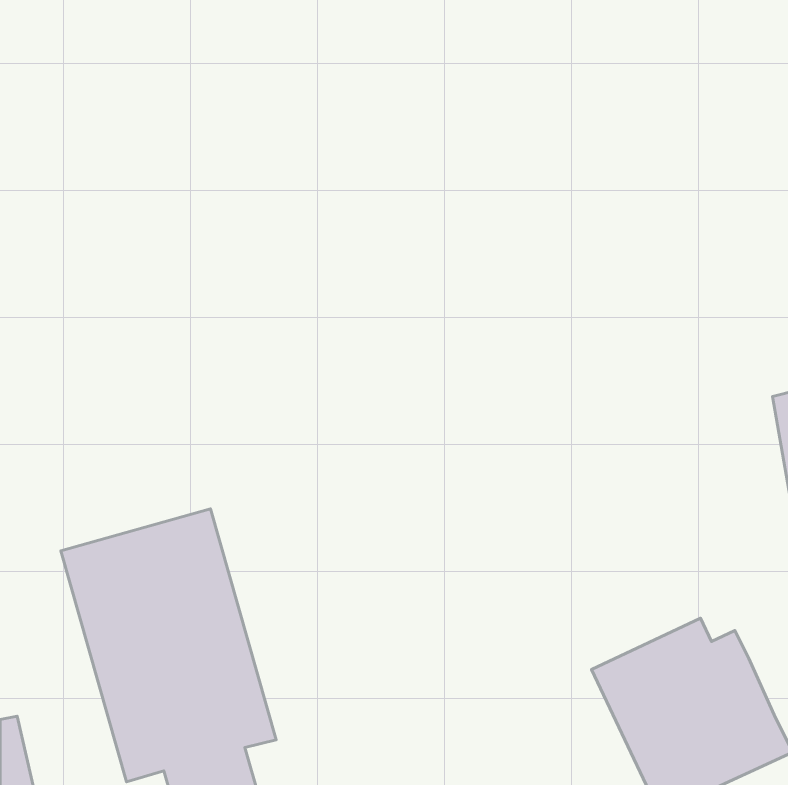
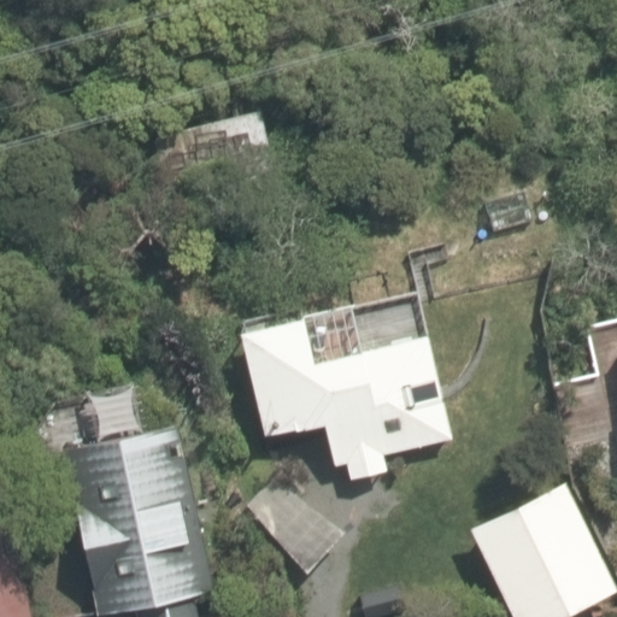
building: none -> [231,311,451,483]

